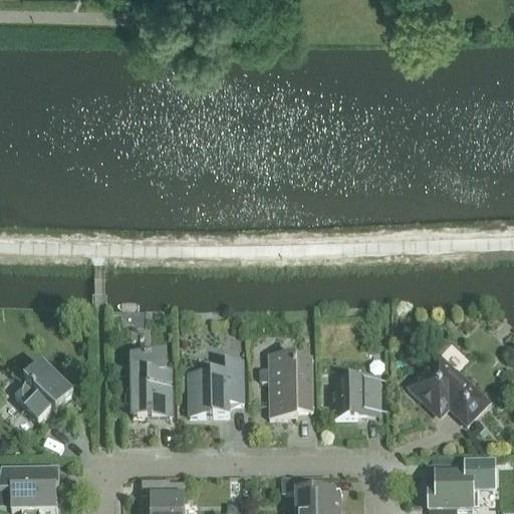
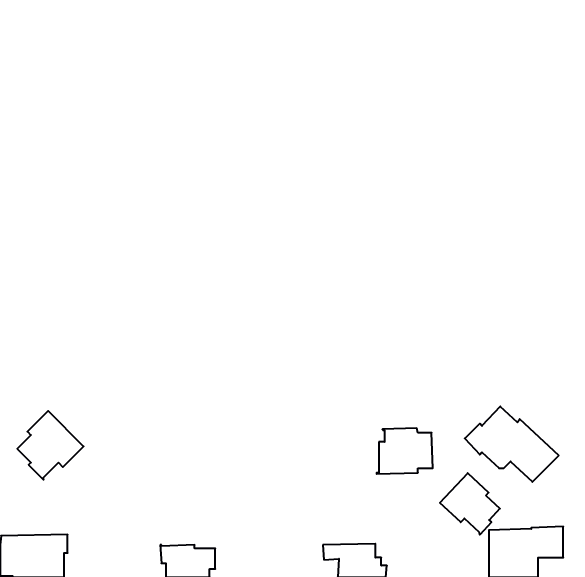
building: [259,348,313,417] -> none
building: [126,353,172,415] -> none
building: [188,358,244,415] -> none
building: none -> [440,473,500,535]

